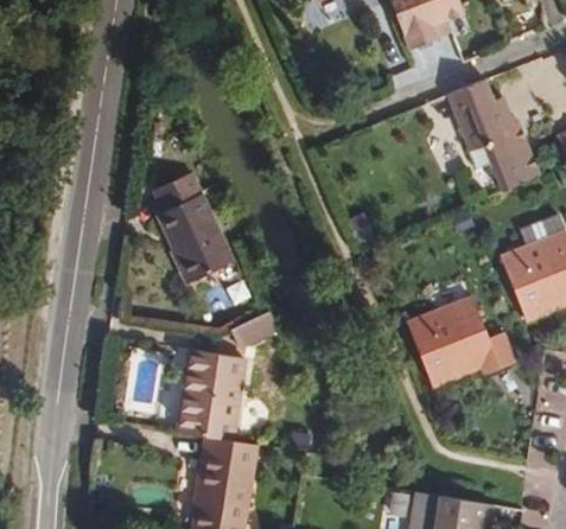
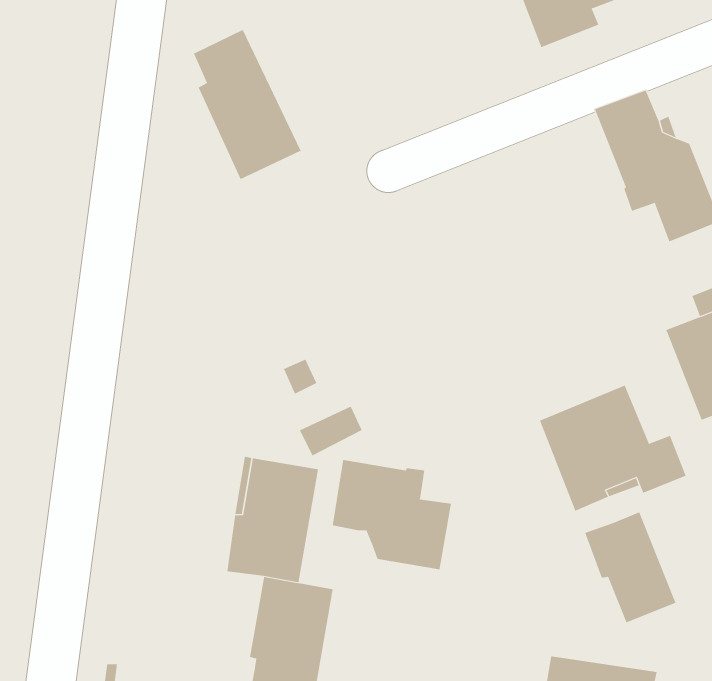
building: [154,172,234,282] -> [193,29,302,180]
building: none -> [332,459,452,570]
building: none -> [584,511,676,623]

